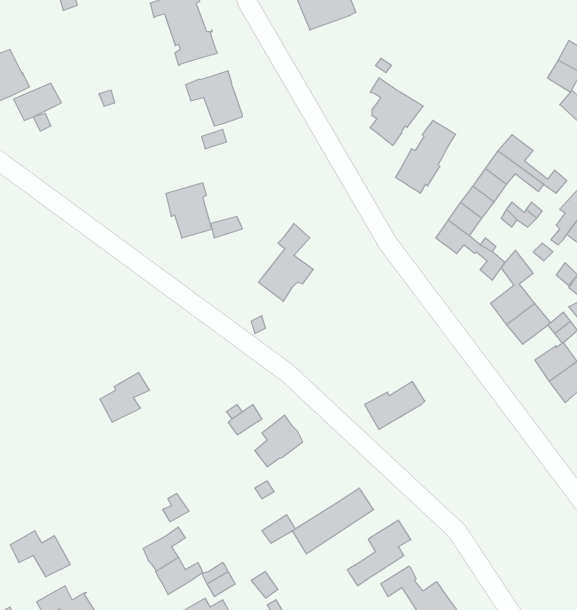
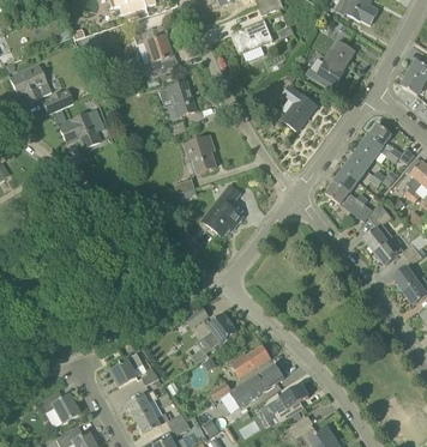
building: none -> [58,111,98,147]
building: [396,120,456,193] -> [313,41,354,90]
building: [166,183,212,238] -> [184,135,215,173]
building: [100,373,149,422] -> [109,352,143,386]
building: [365,382,425,429] -> [229,344,270,376]

